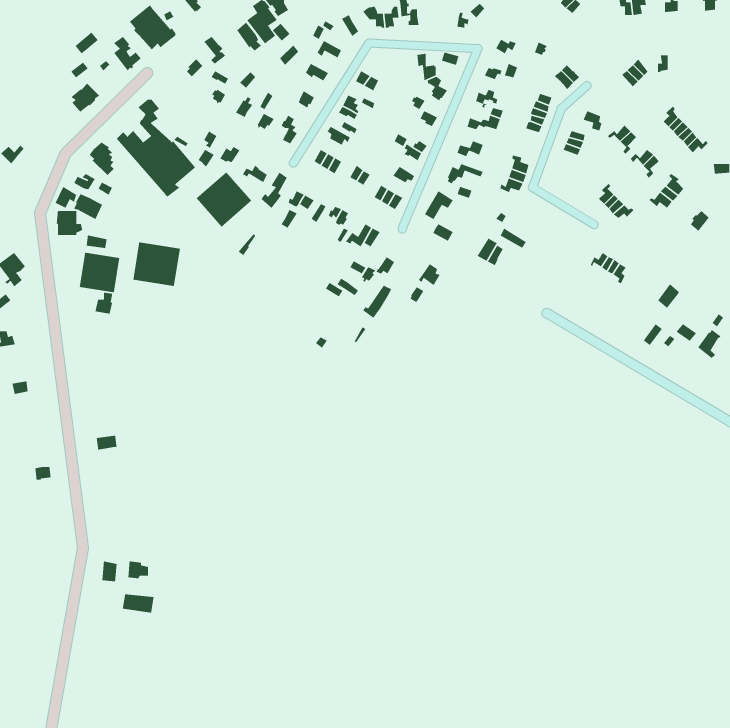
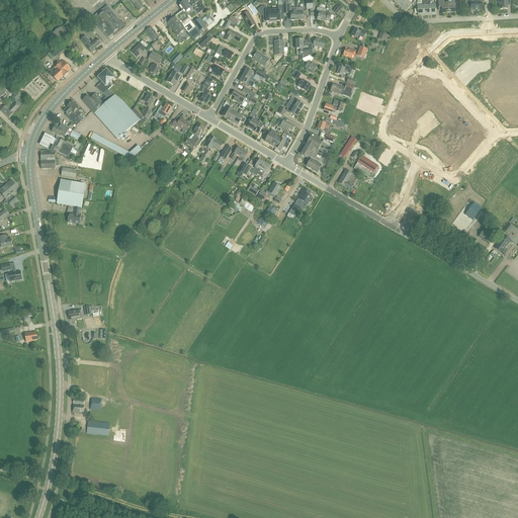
building: [196,171,252,228] -> none
building: [133,242,181,287] -> none

